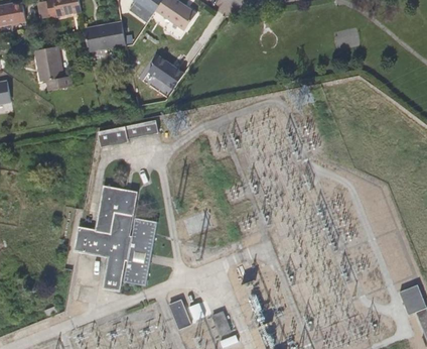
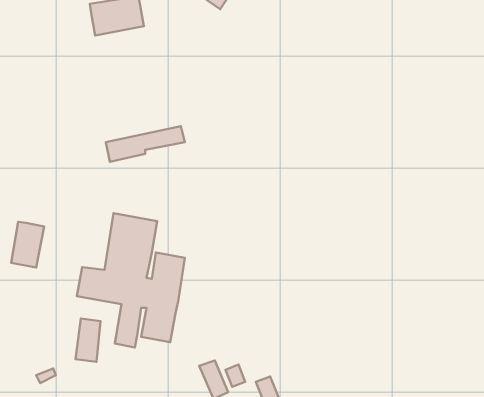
building: [34,46,73,91] -> none
building: [139,52,185,98] -> none
building: none -> [11,222,44,268]

